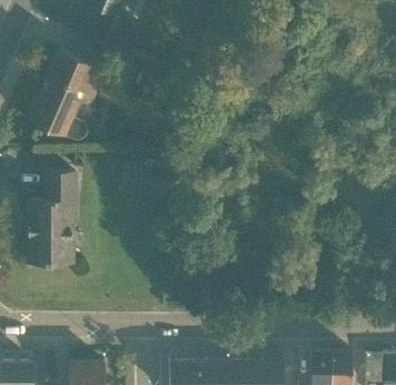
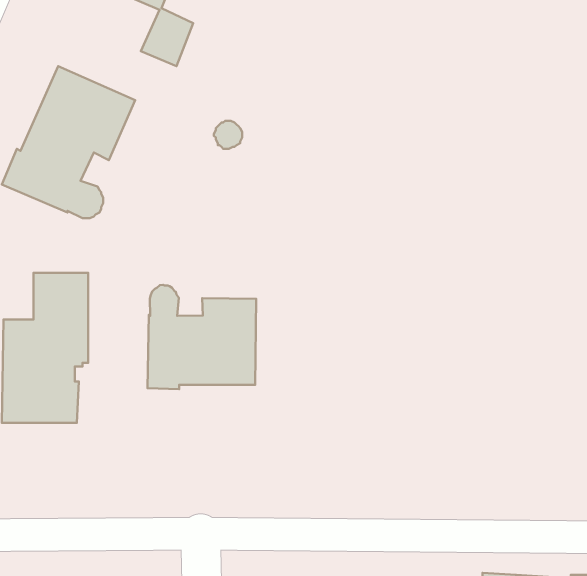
building: none -> [147,285,256,389]

